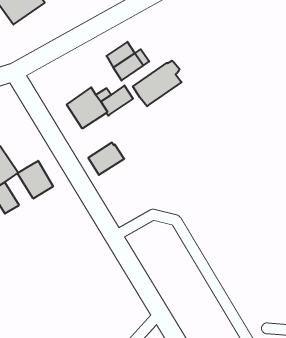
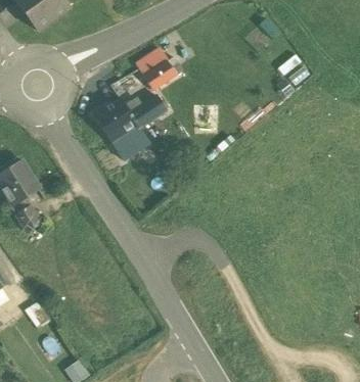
building: [133,61,182,106] -> none
building: [88,143,124,175] -> [110,124,149,158]
building: [18,161,53,199] -> none

